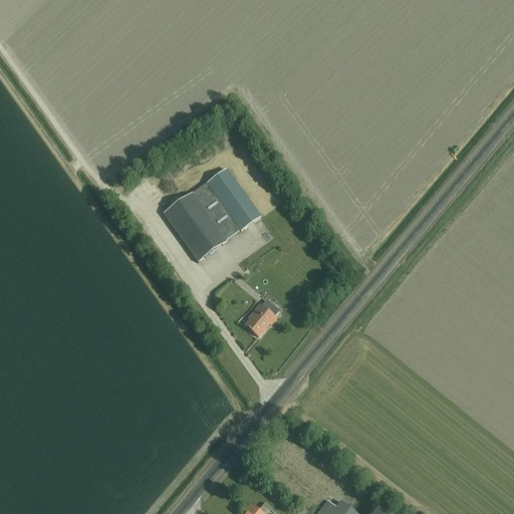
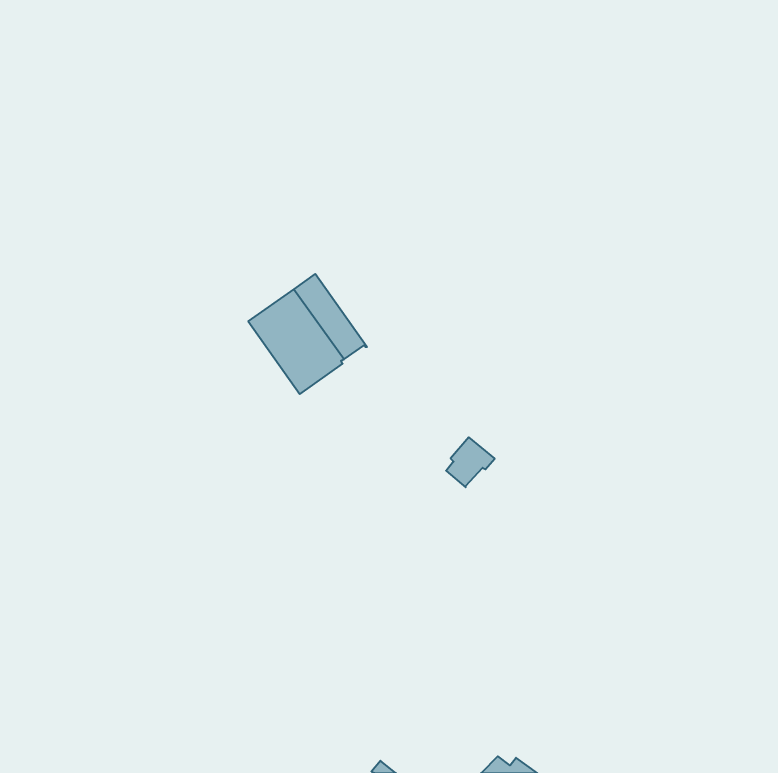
building: [208,168,260,229] -> none
building: [245,302,277,335] -> [446,437,495,487]

